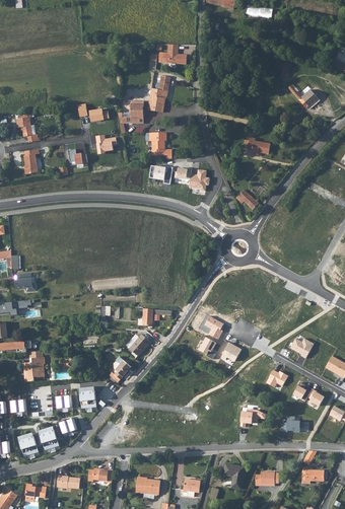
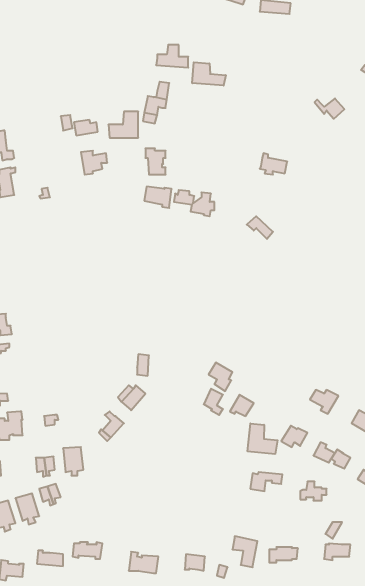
building: none -> [192,62,226,86]
building: none -> [248,423,278,454]

